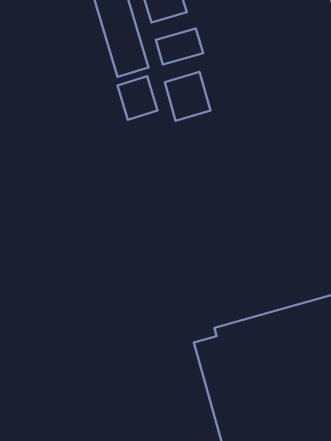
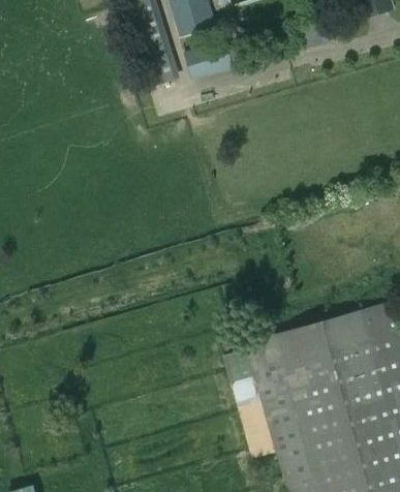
building: [165,72,210,121] -> none
building: [118,76,158,120] -> none

